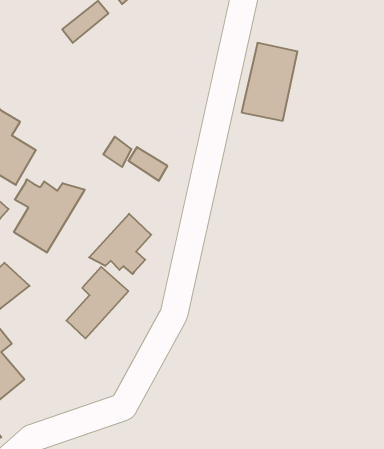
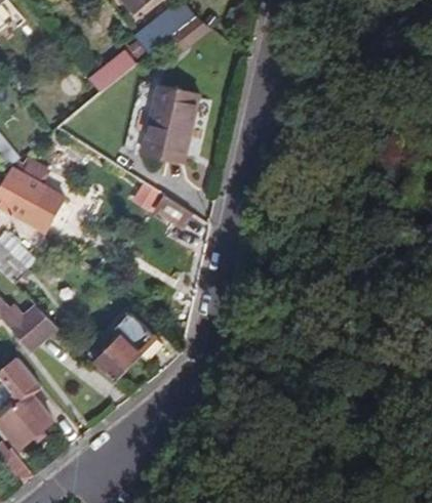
building: [242,43,297,121] -> [145,85,199,161]
building: [14,179,85,253] -> none
building: [89,214,151,274] -> none

